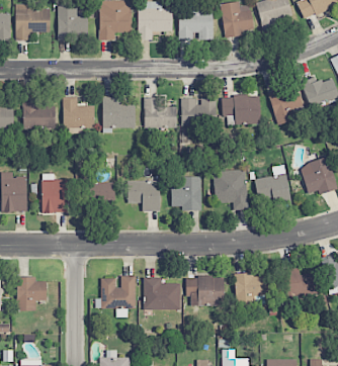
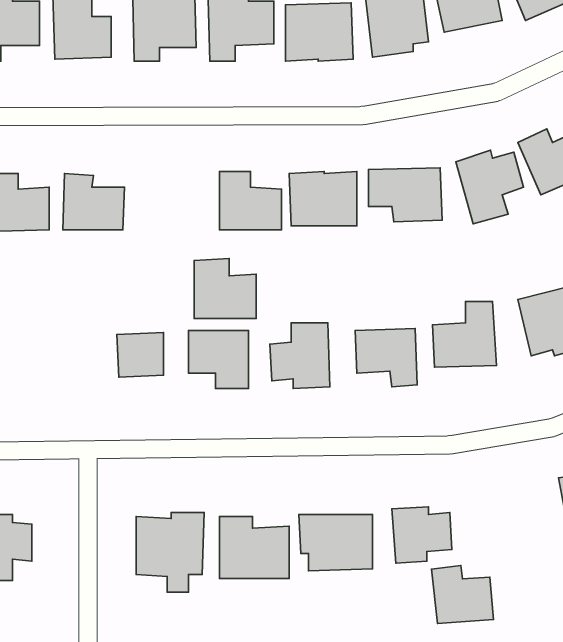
building: [102,97,135,128] -> [194,259,256,319]
building: [39,174,69,213] -> none
building: [283,267,316,297] -> [432,565,494,624]

